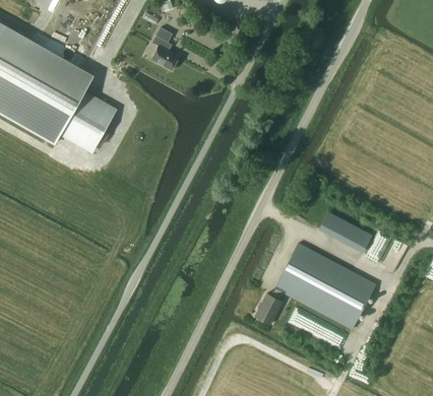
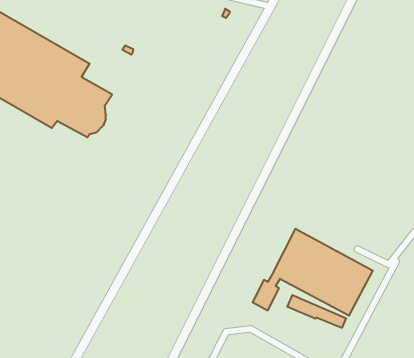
building: [151,27,179,70] -> none
building: [319,212,372,252] -> none

